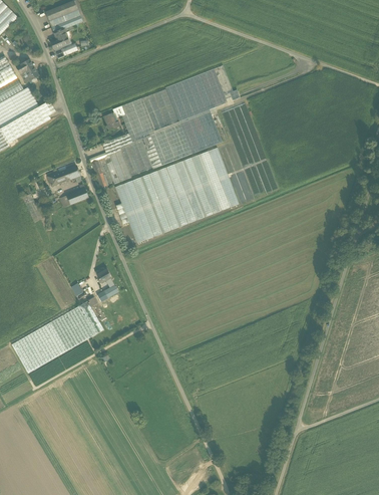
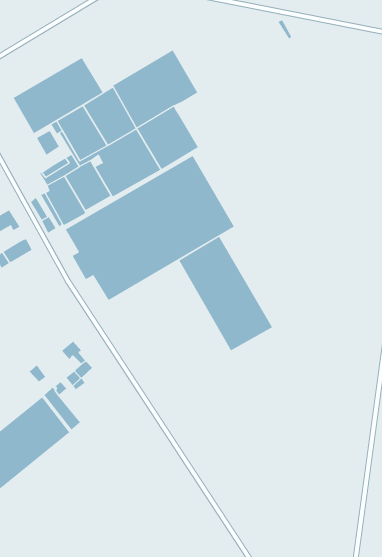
building: none -> [13,57,104,134]
building: none -> [178,236,273,351]

